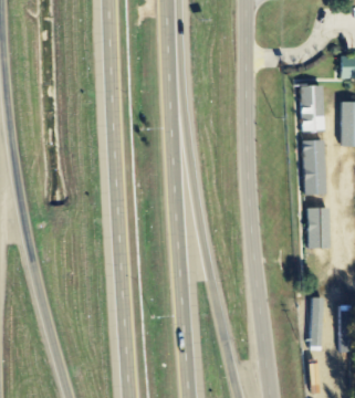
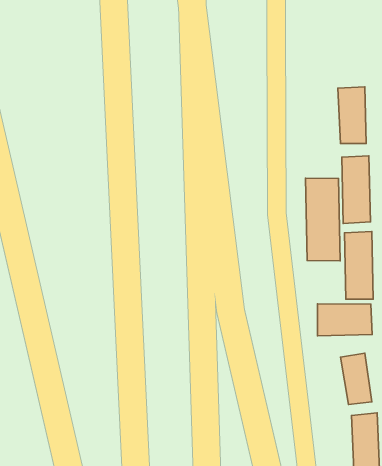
building: none -> [306,178,340,261]
building: none -> [317,304,372,336]

